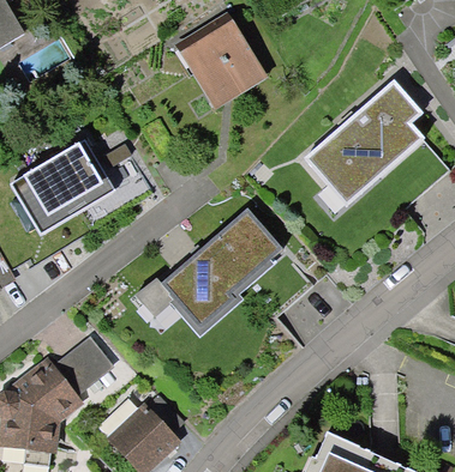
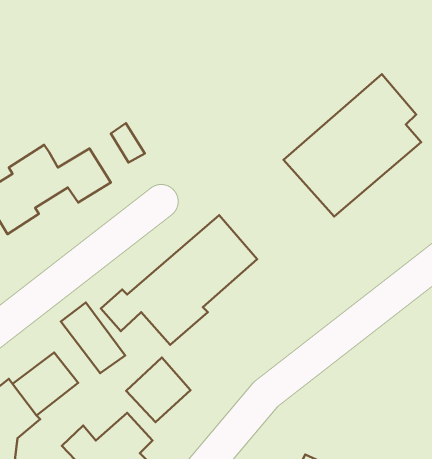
building: [170,17,263,109] -> none
building: none -> [61,303,125,373]
building: none -> [126,358,191,422]

